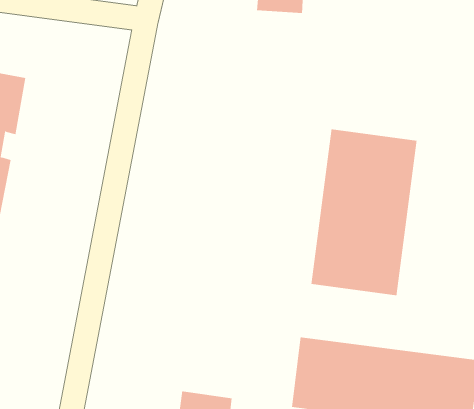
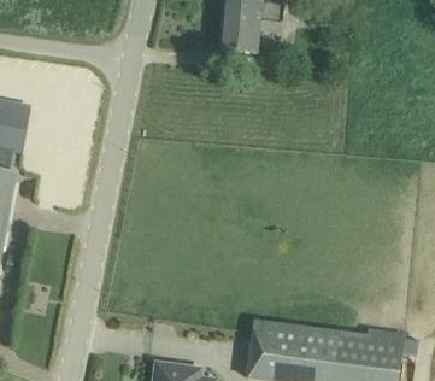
building: [311,129,417,296] -> none

